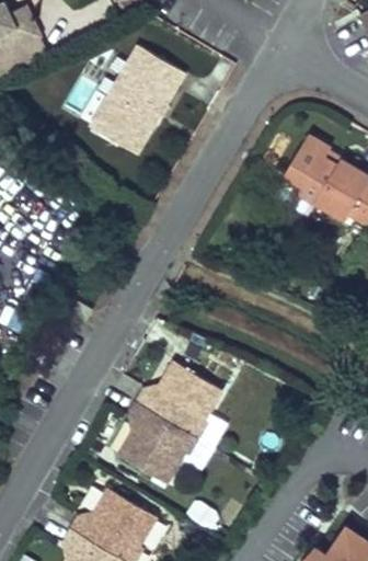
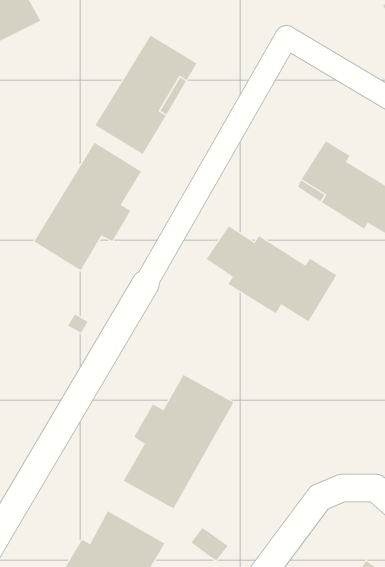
building: none -> [33,142,142,271]
building: none -> [206,226,337,322]

